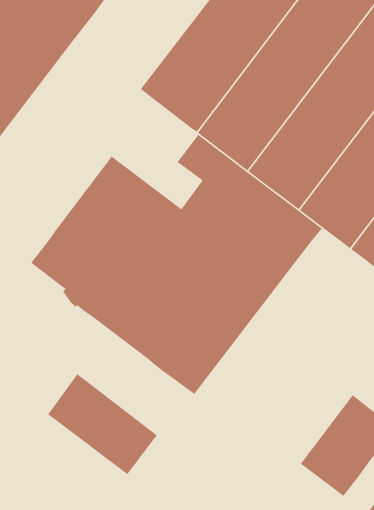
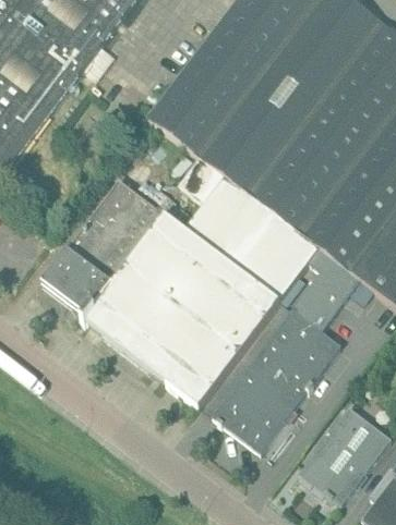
building: none -> [212,248,361,451]
building: [47,373,158,475] -> none

